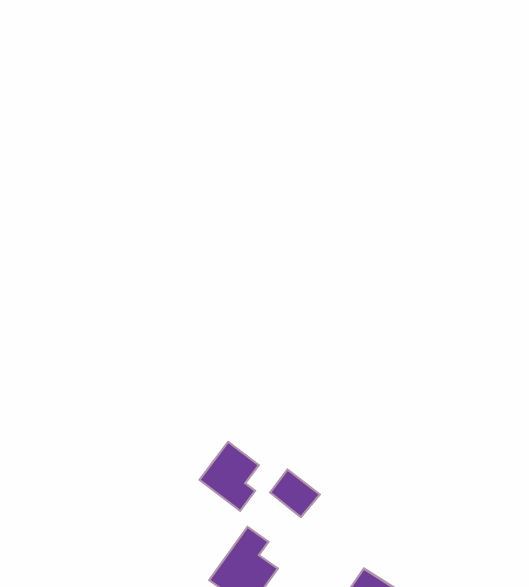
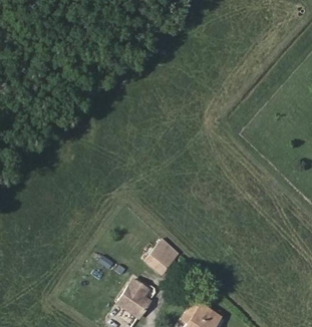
building: [199,442,259,511] -> none

